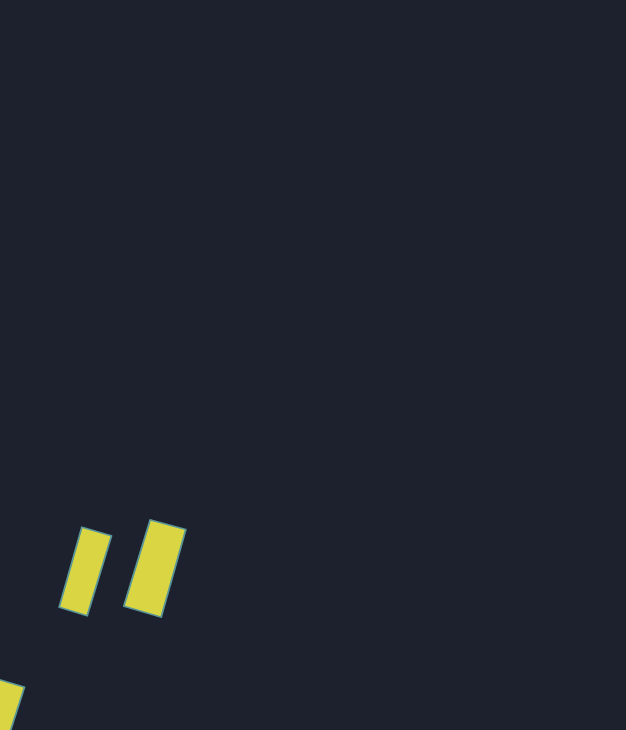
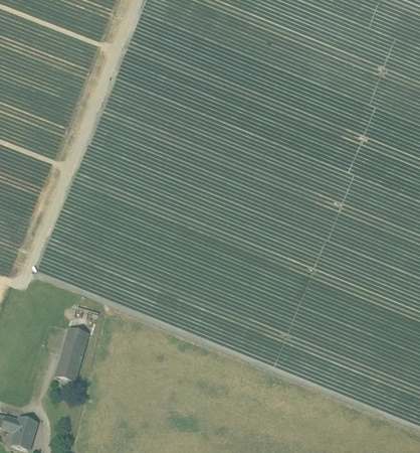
building: [124,520,186,617] -> none

